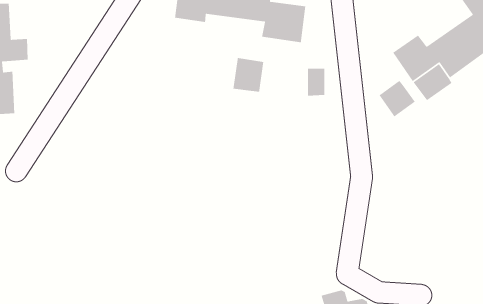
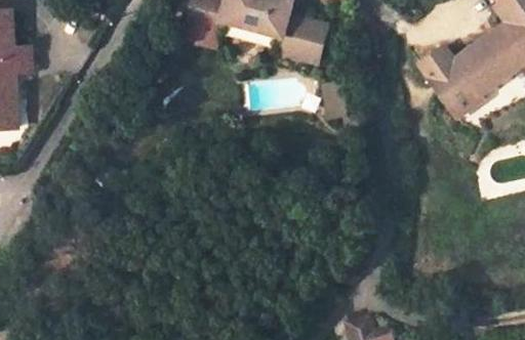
building: [233,57,264,92] -> none
building: [379,80,416,118] -> none

